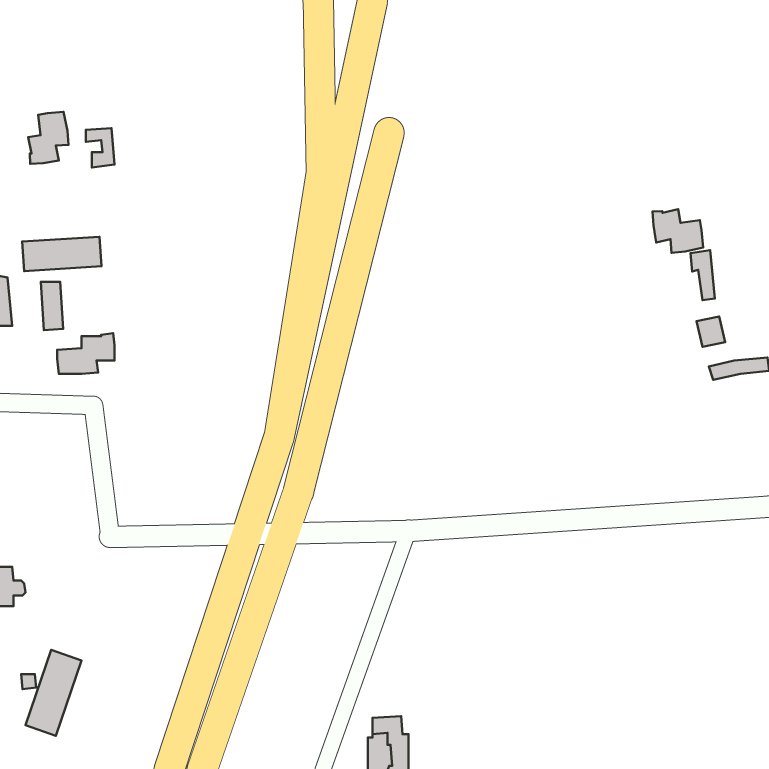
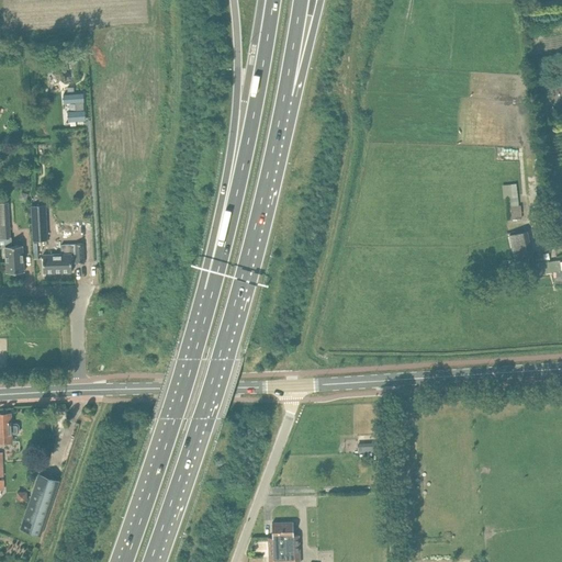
building: [28,112,69,164] -> none
building: [652,209,703,253] -> none
building: [22,237,102,271] -> none
building: none -> [4,246,23,273]

